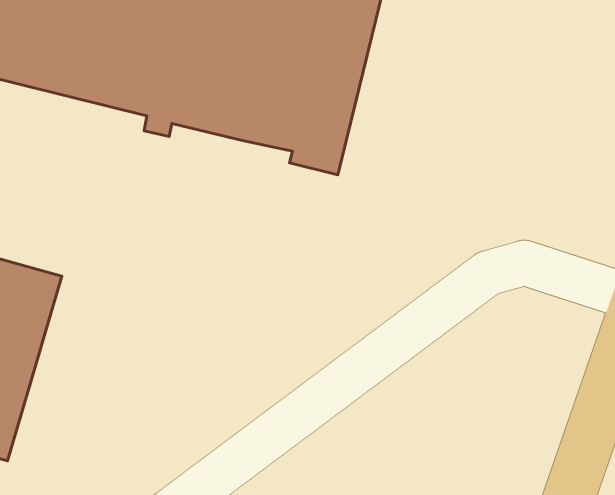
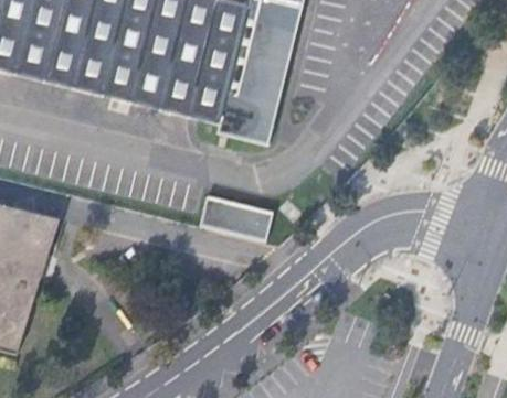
building: none -> [196,195,271,240]

